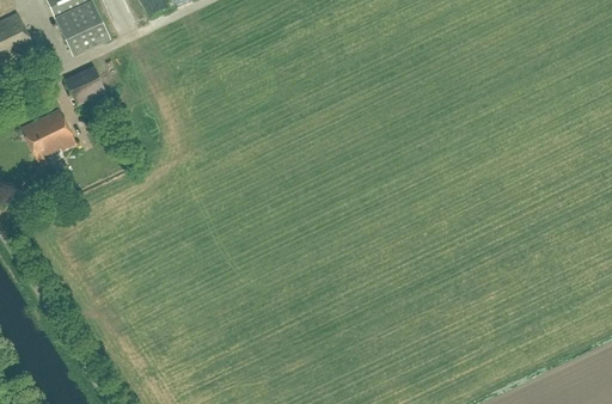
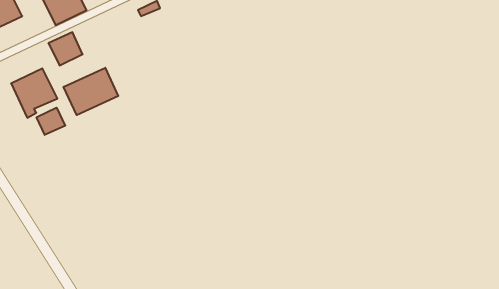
building: none -> [64,68,118,115]
building: none -> [37,108,65,135]

